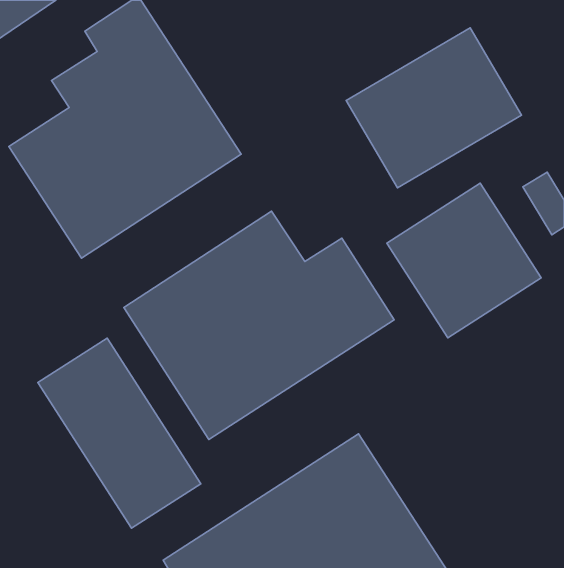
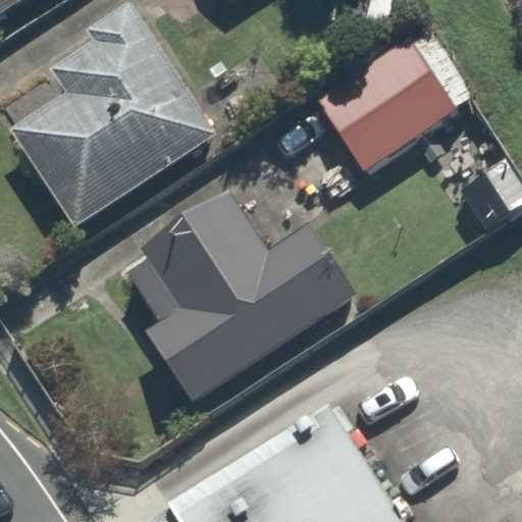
building: [387,183,541,338] -> none
building: [38,338,201,528] -> none

